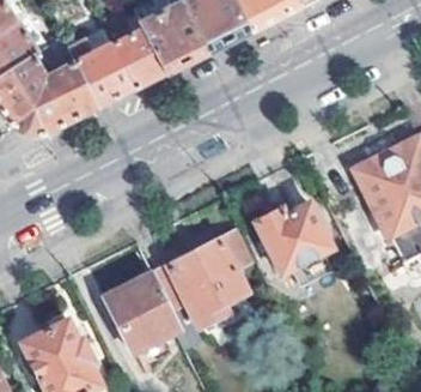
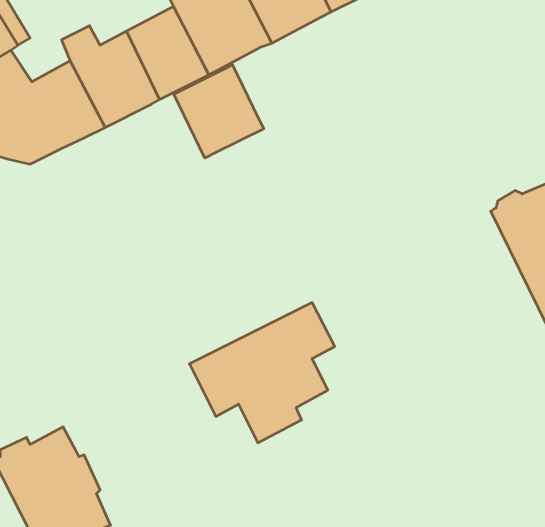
building: none -> [174,65,264,158]
building: [255,203,332,272] -> none
building: [104,272,179,351] -> none

